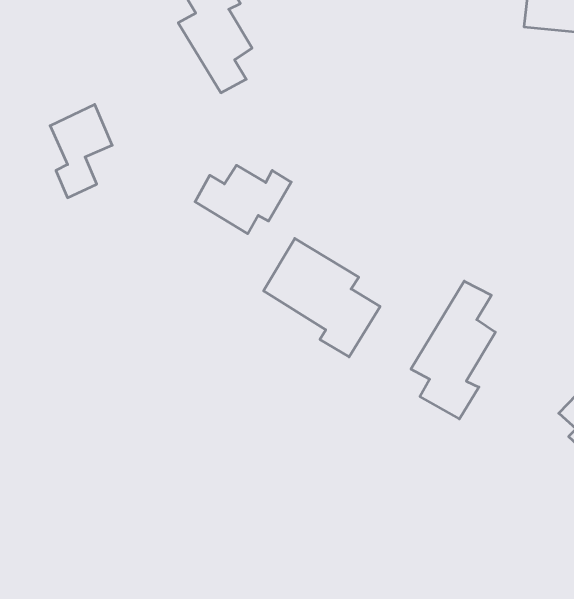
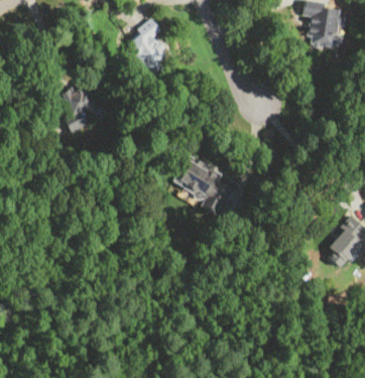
building: [195,165,291,234] -> none
building: [411,281,495,419] -> none

